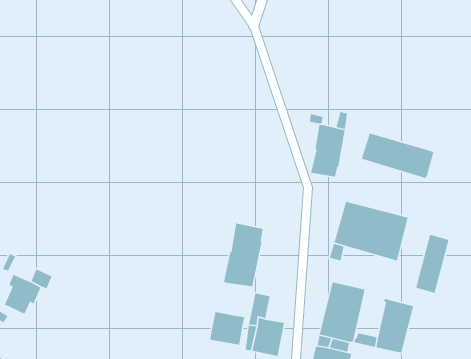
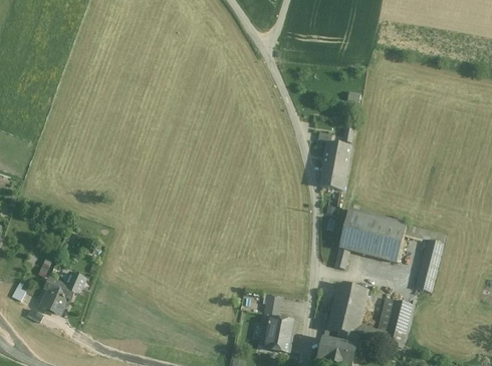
building: [361,132,435,179] -> none
building: [223,222,264,287] -> none
building: [209,311,246,346] -> none

